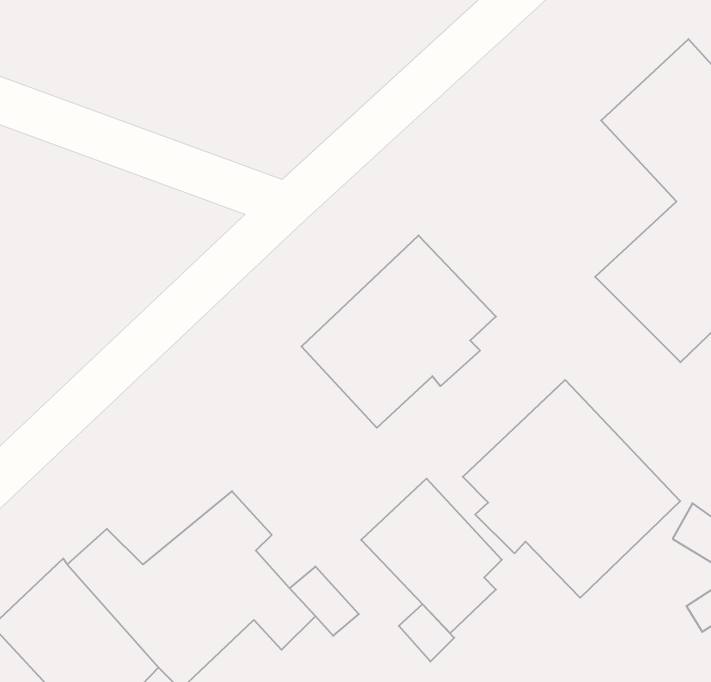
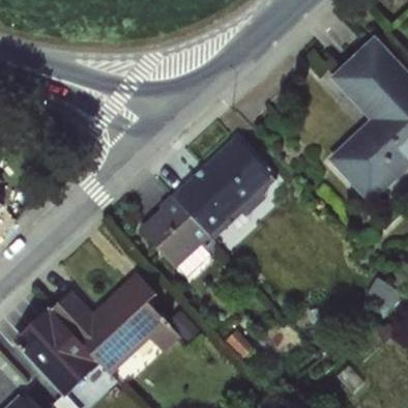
building: [463,380,680,598] -> none
building: [361,479,502,633] -> [139,196,212,276]

